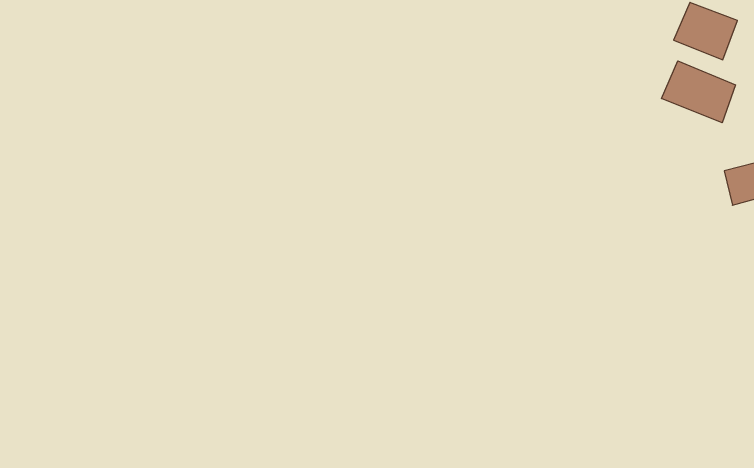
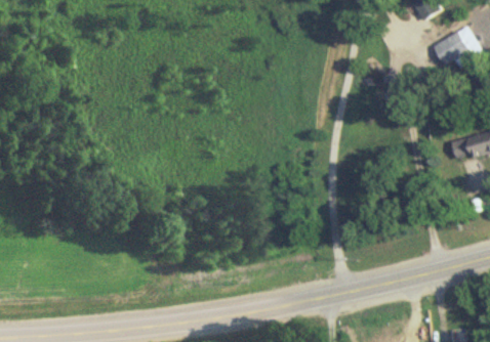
building: [662,61,736,123] -> none

